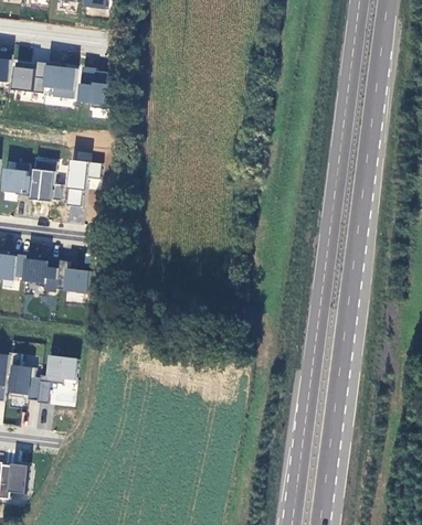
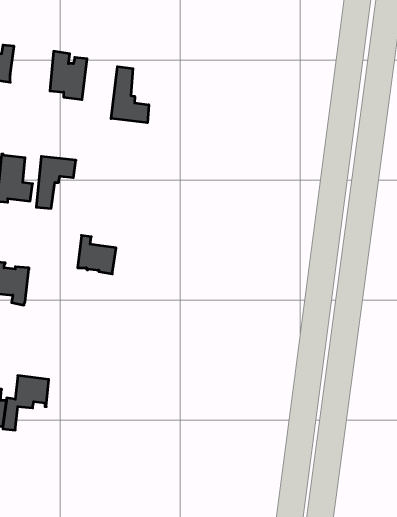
building: [42,62,75,98] -> none
building: none -> [111,67,149,123]
building: [55,260,89,294] -> [78,235,116,274]

